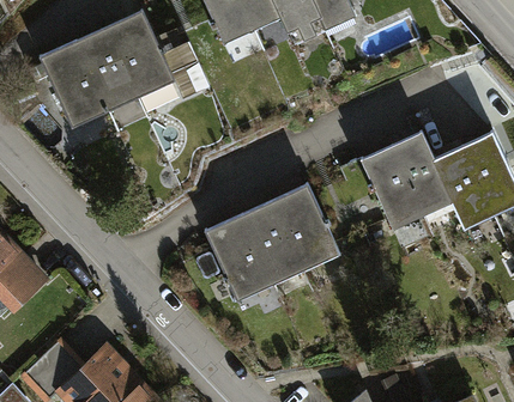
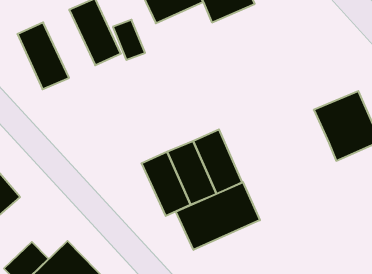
building: [72,28,141,118] -> none
building: [367,138,455,232] -> none
building: none -> [176,182,260,250]

